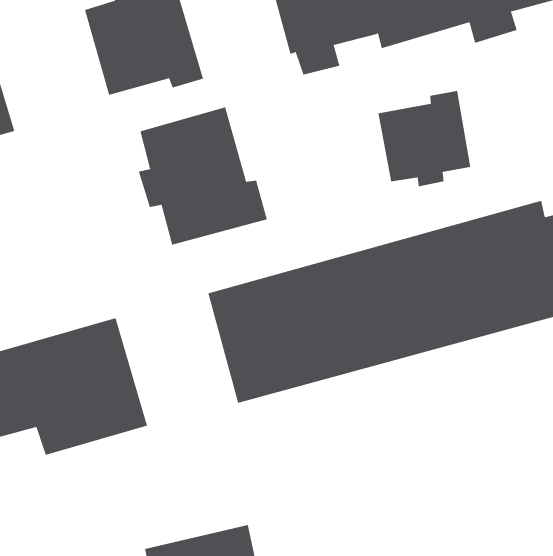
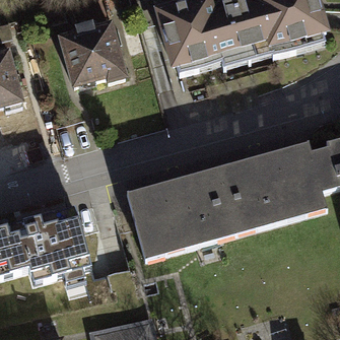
building: [378,90,471,187] -> none
building: [138,107,267,245] -> none

